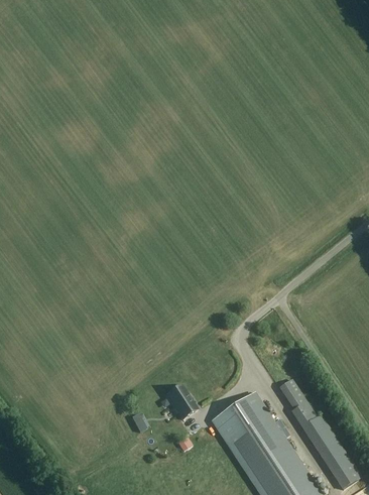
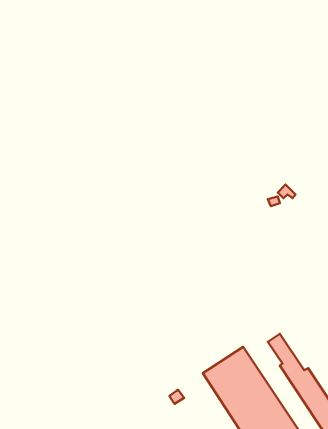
building: [167,385,198,418] -> none

